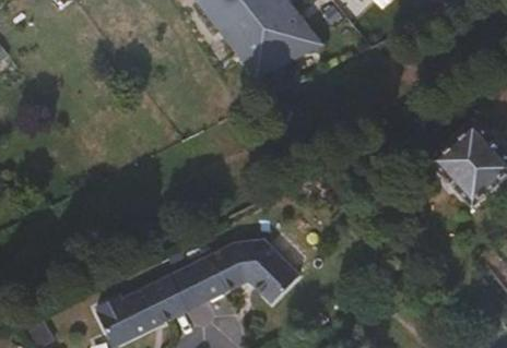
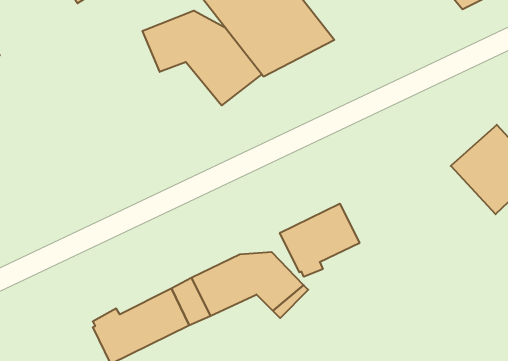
building: none -> [143,11,262,105]
building: none -> [280,204,359,277]

